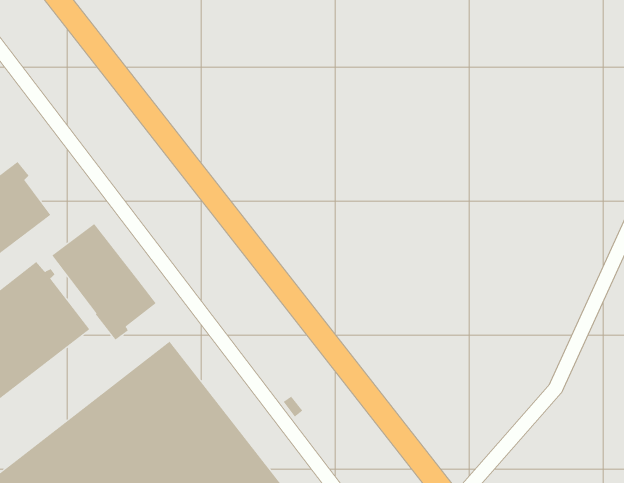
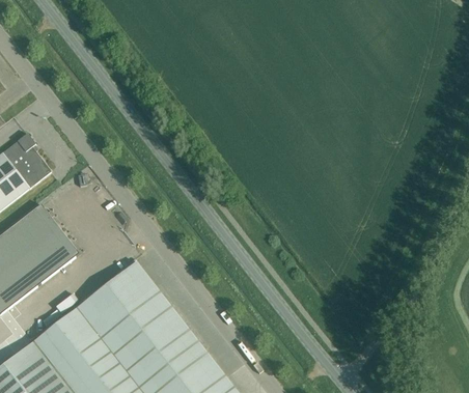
building: [51,223,156,341] -> none

